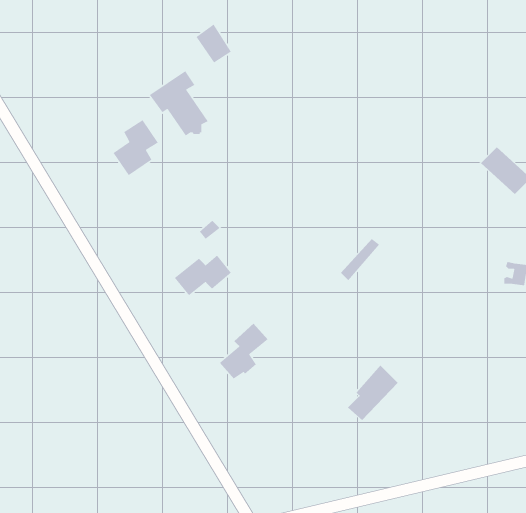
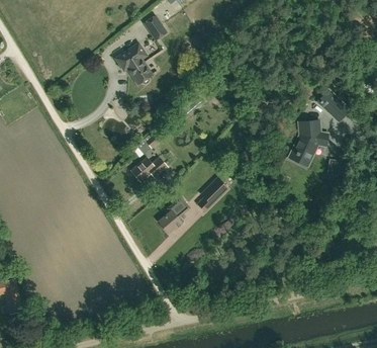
building: [113,119,159,176] -> none
building: none -> [293,119,325,157]
building: [347,364,399,421] -> [196,176,227,210]

